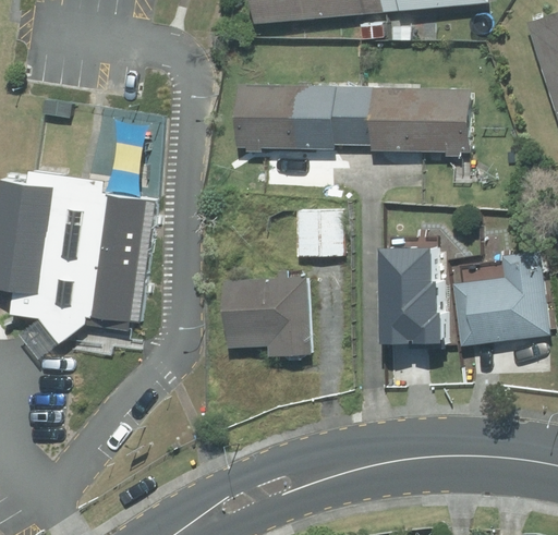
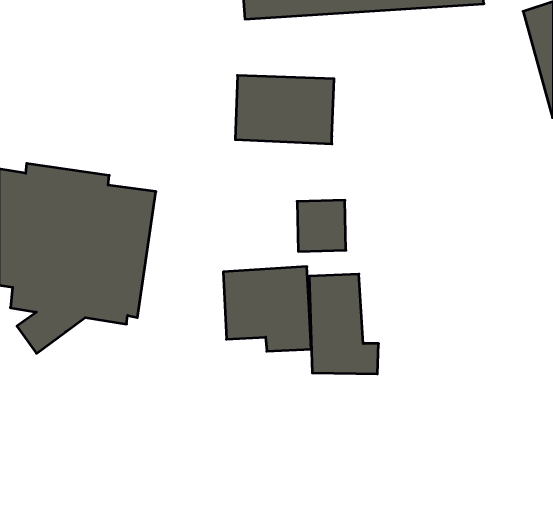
building: [333,85,471,153] -> none
building: [376,242,446,342] -> [309,274,379,374]
building: [454,247,549,350] -> none

